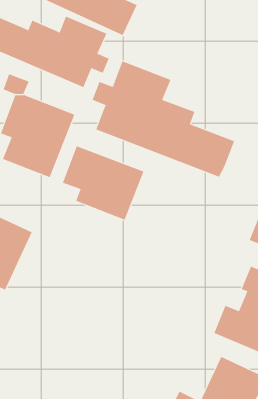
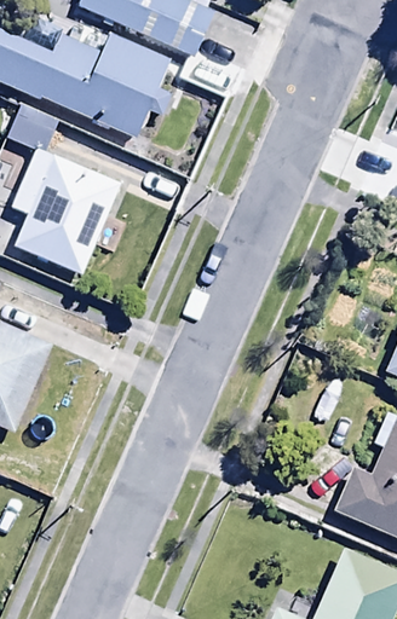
building: [92,60,235,177] -> none
building: [62,146,144,221] -> none

